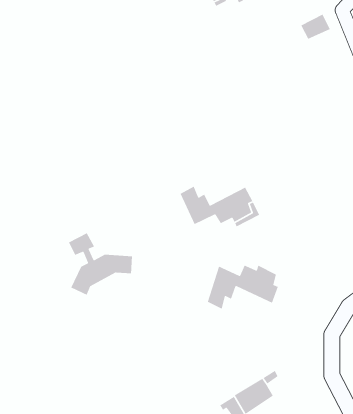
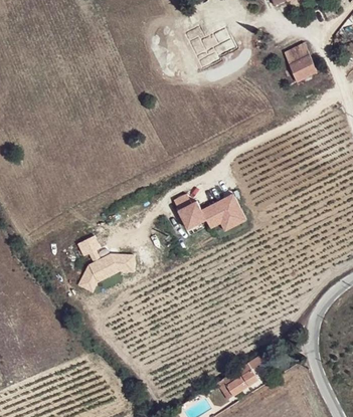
building: none -> [289,55,317,80]
building: [207,264,279,310] -> none

